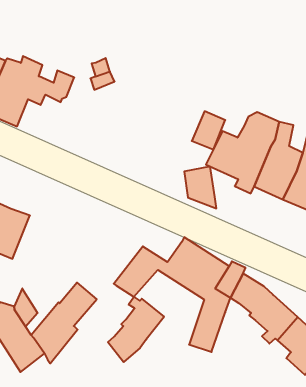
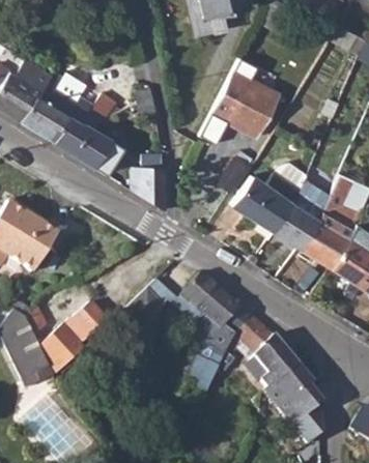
building: none -> [210,71,278,138]
building: none -> [54,115,122,175]
building: [184,167,216,208] -> [137,168,163,209]
building: [108,297,164,362] -> none

